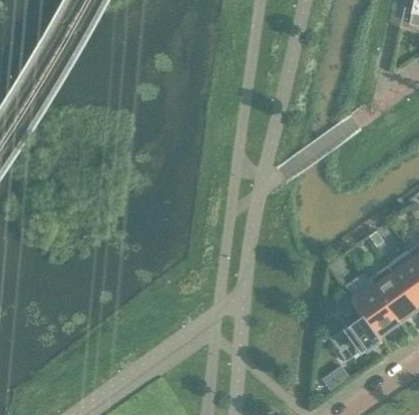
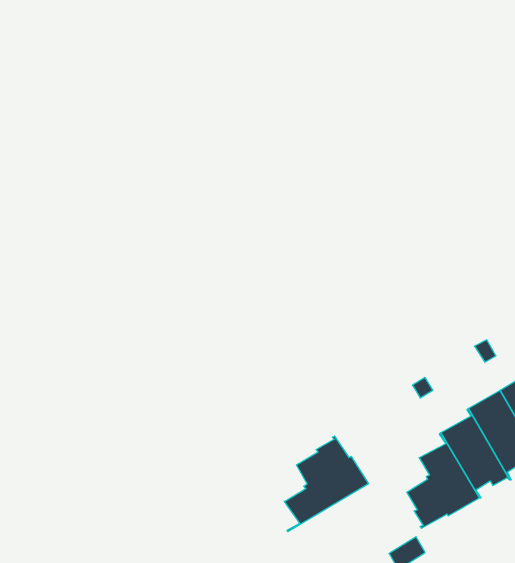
building: none -> [284,436,368,532]

